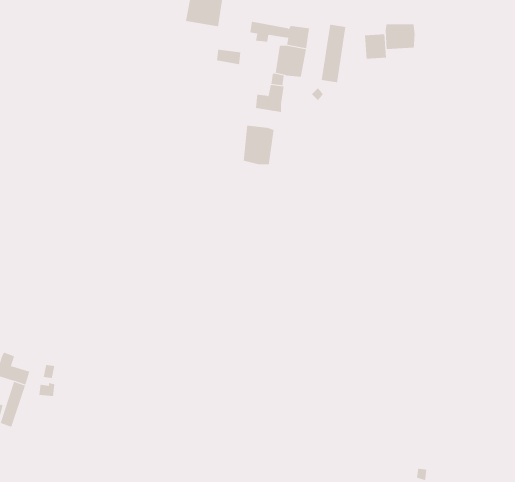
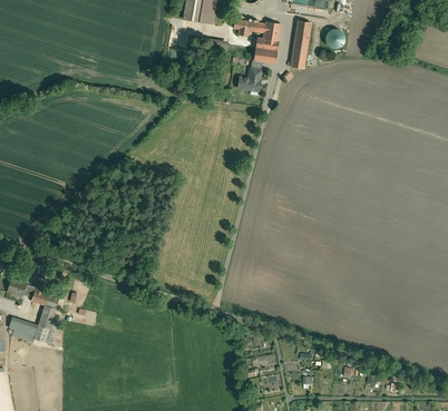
building: [385,23,415,50] -> none
building: [243,125,274,165] -> none

